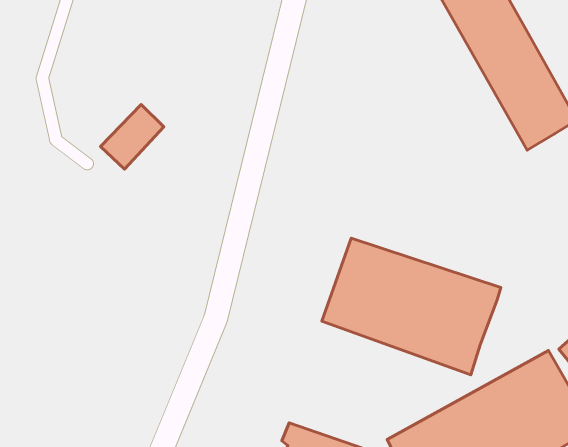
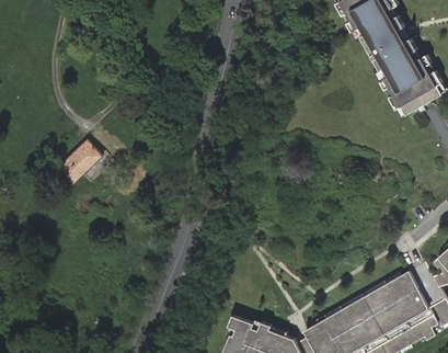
building: [100,104,164,169] -> [55,139,101,186]
building: [322,238,501,375] -> none

